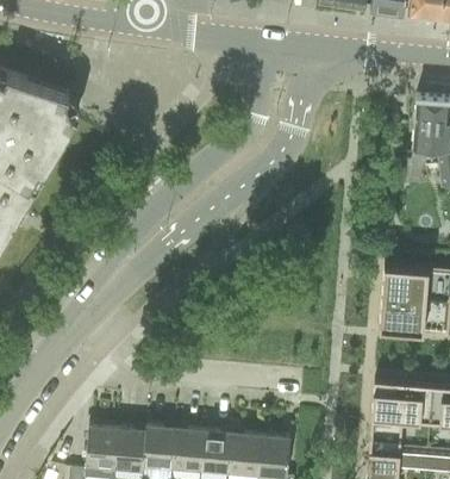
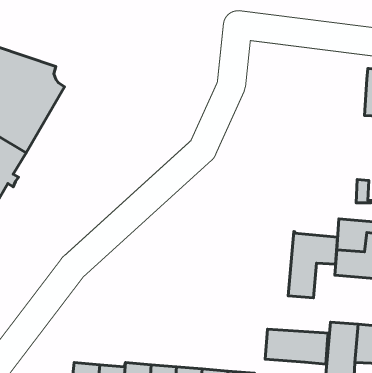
building: none -> [288,232,338,298]
building: none -> [265,329,329,364]

